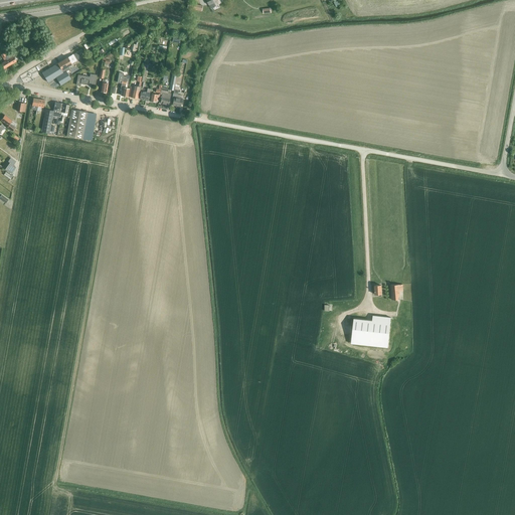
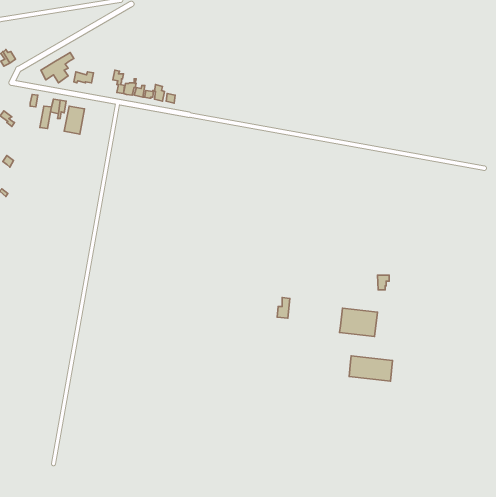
building: none -> [349,356,392,381]

